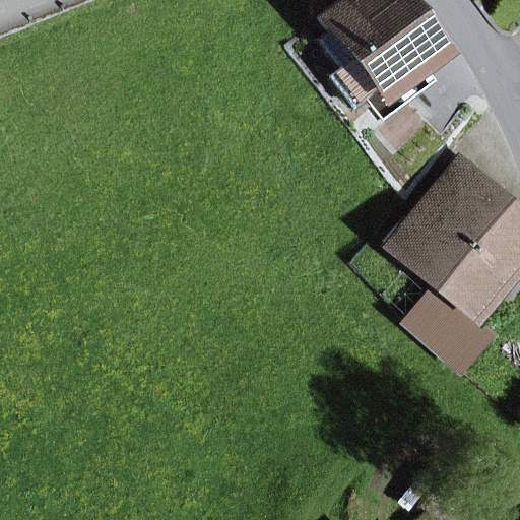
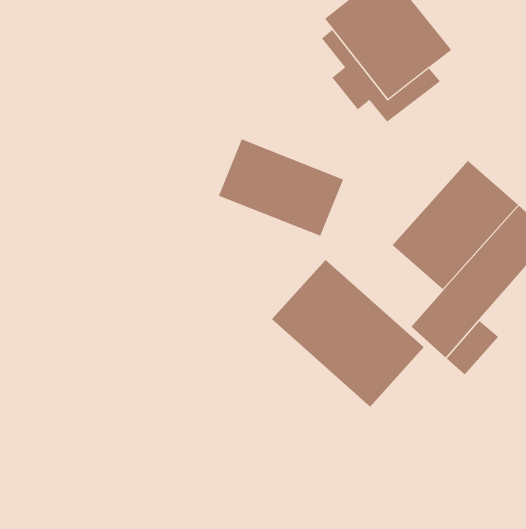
building: none -> [218,139,344,237]
building: none -> [271,259,424,407]

